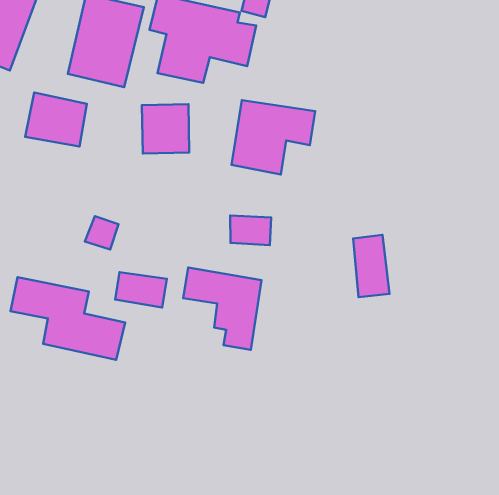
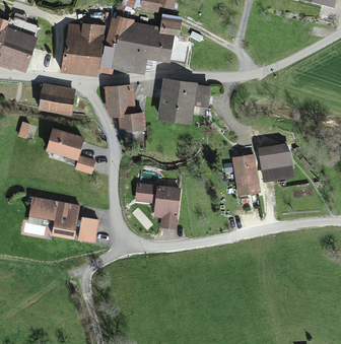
building: none -> [47,131,80,157]
building: [230,215,271,245] -> [119,115,143,131]
building: none -> [262,145,289,181]
building: [115,272,167,308] -> none

